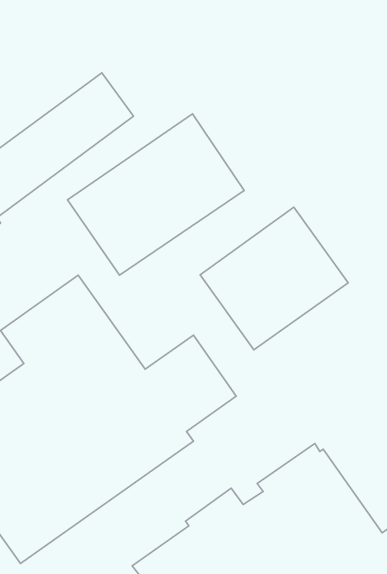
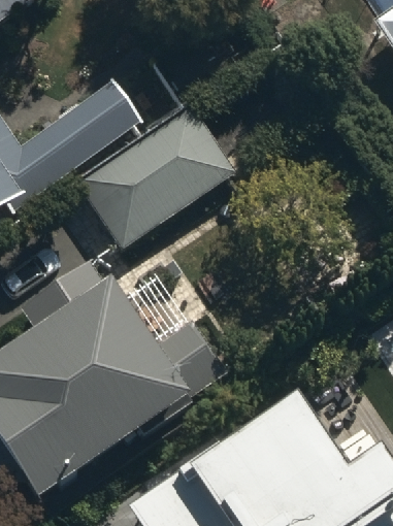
building: [200,207,348,350] -> none

